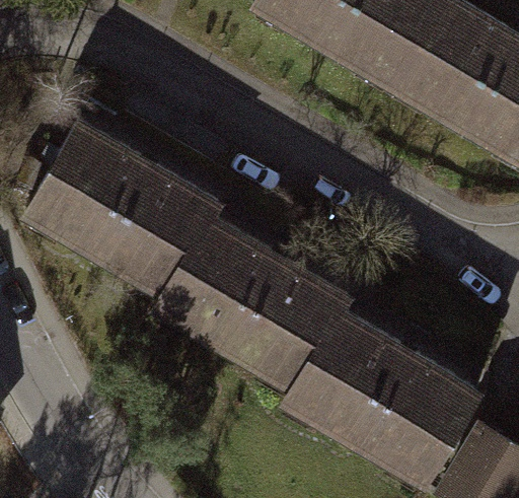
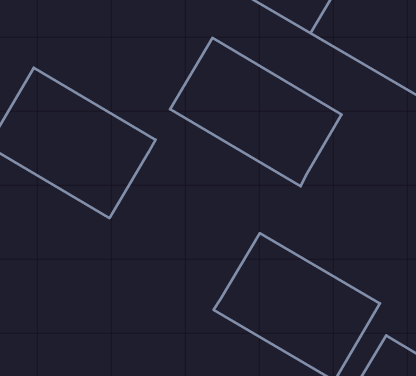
building: none -> [170,38,342,186]
building: [156,220,343,387] -> none

